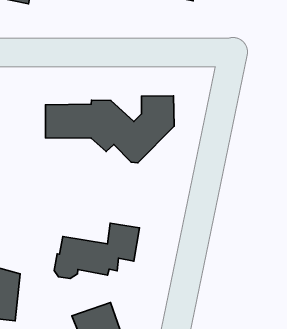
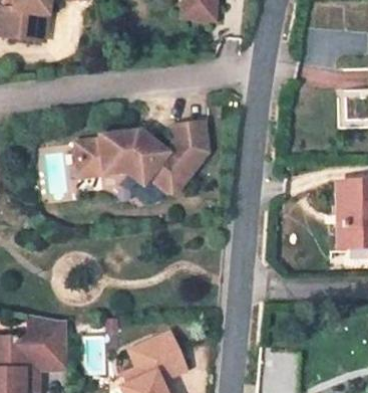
building: [54,223,140,278] -> none

